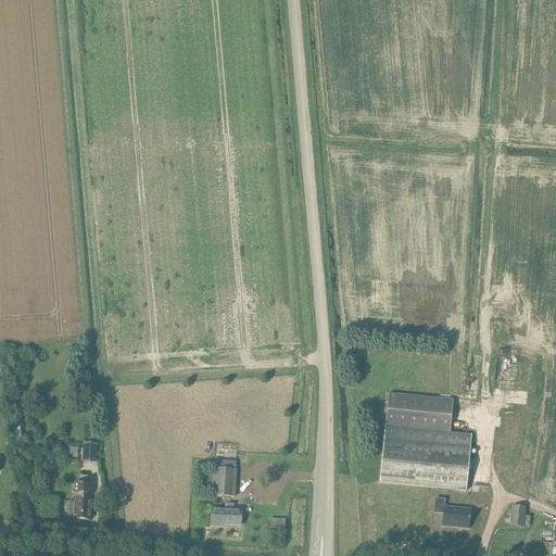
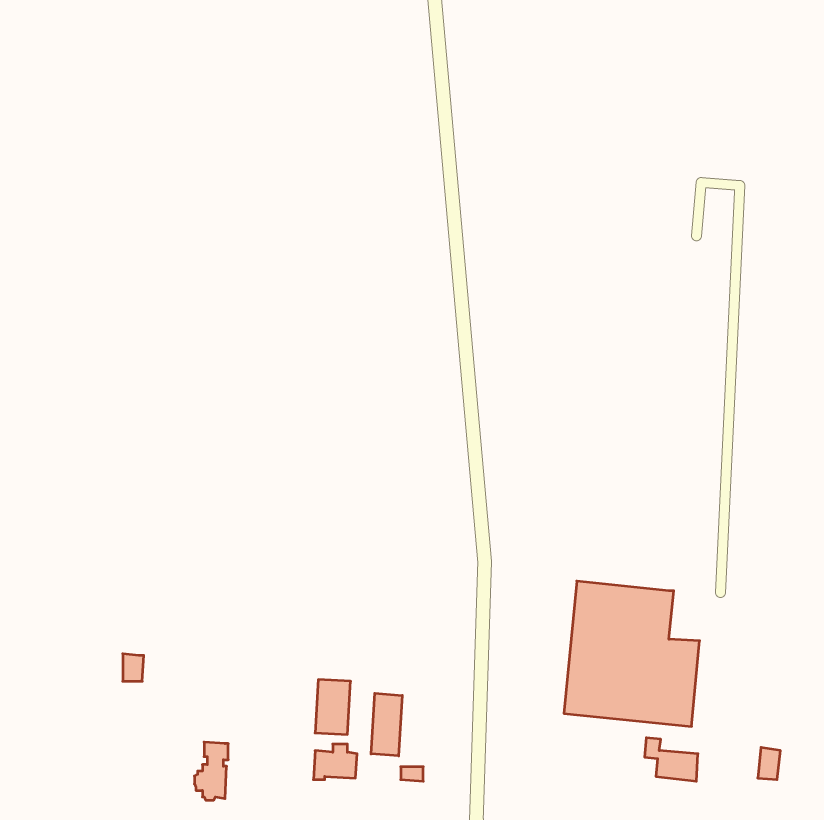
building: none -> [371,693,402,756]
building: [70,480,92,519] -> [194,742,228,800]

